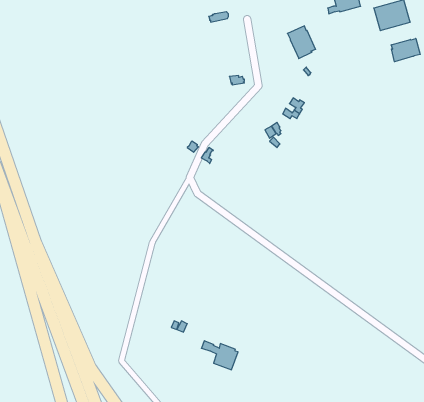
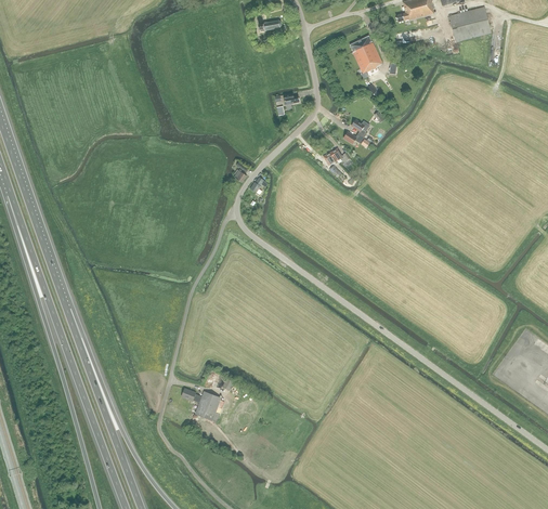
building: [391,38,420,62] -> none
building: [201,341,238,370] -> [182,387,224,420]

